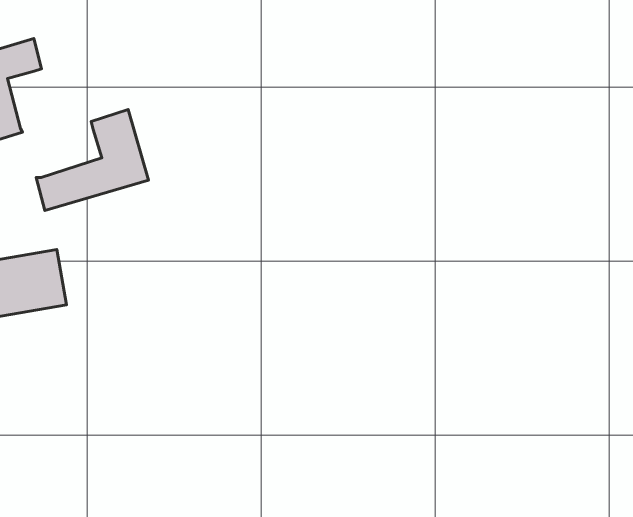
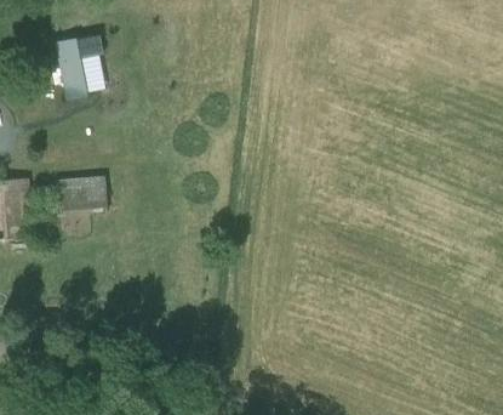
building: [36,110,148,210] -> none

